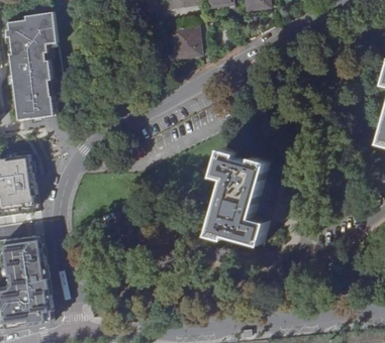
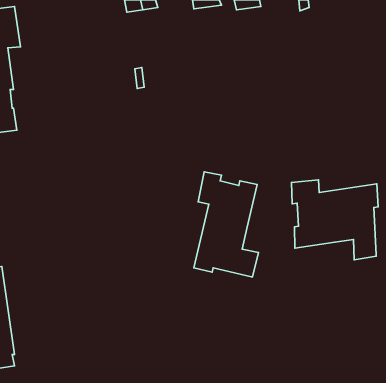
building: [172,26,199,62] -> none
building: none -> [292,180,378,260]

